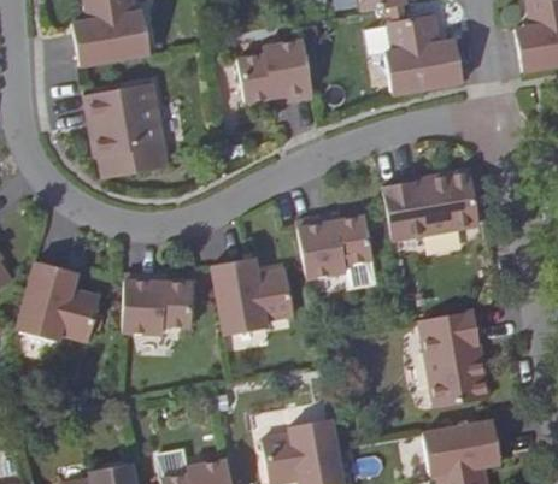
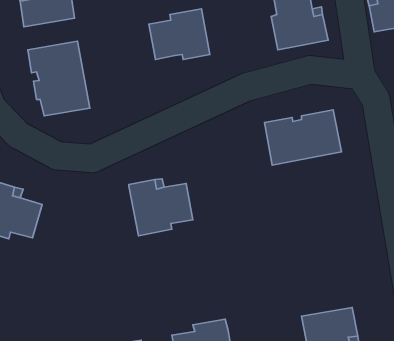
building: [310,212,387,277] -> none
building: [122,272,192,331] -> none
building: [419,309,489,407] -> none

